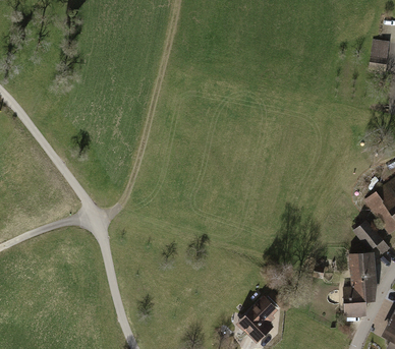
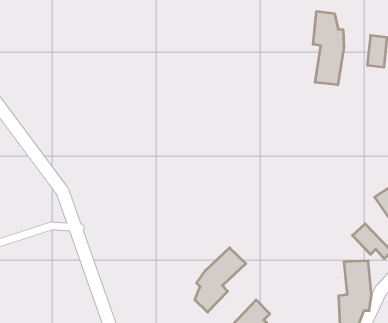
building: none -> [313,11,344,85]
building: none -> [195,248,246,312]

